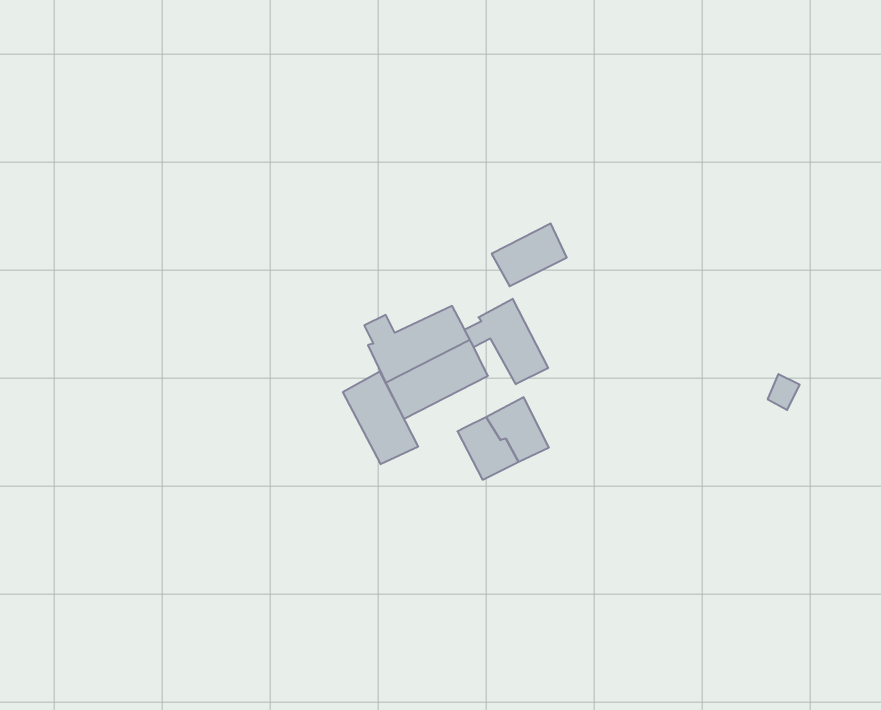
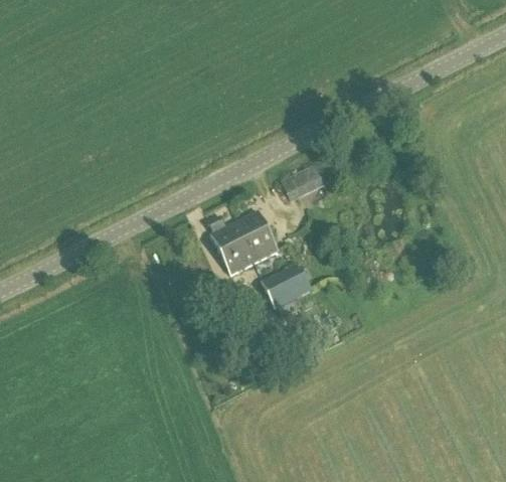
building: [465,299,548,384] -> none
building: [343,371,418,464] -> none

